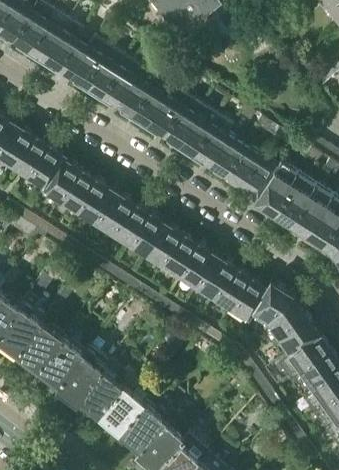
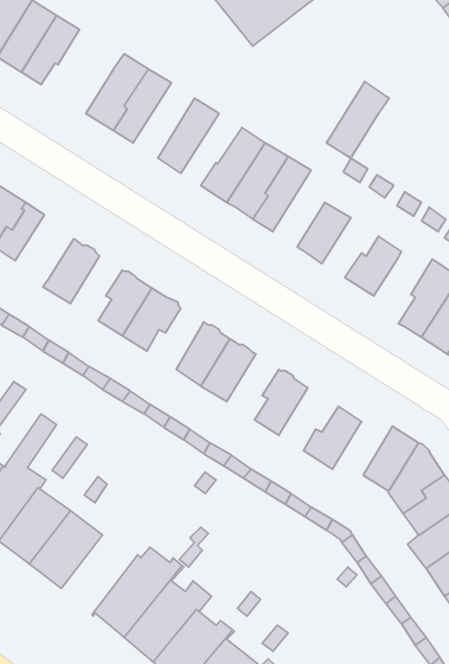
building: [40,23,87,78] -> none
building: [100,58,140,107] -> none
building: [131,78,171,125] -> none
building: [191,115,232,165] -> [326,81,389,158]
building: [23,144,64,187] -> none
building: [223,146,260,185] -> none
building: [254,163,295,215] -> none
building: [59,171,93,213] -> none
building: [109,205,146,245] -> none
building: [161,235,195,278] -> none
building: [195,257,234,298] -> none
building: [230,279,265,320] -> none
building: [53,349,105,404] -> none

